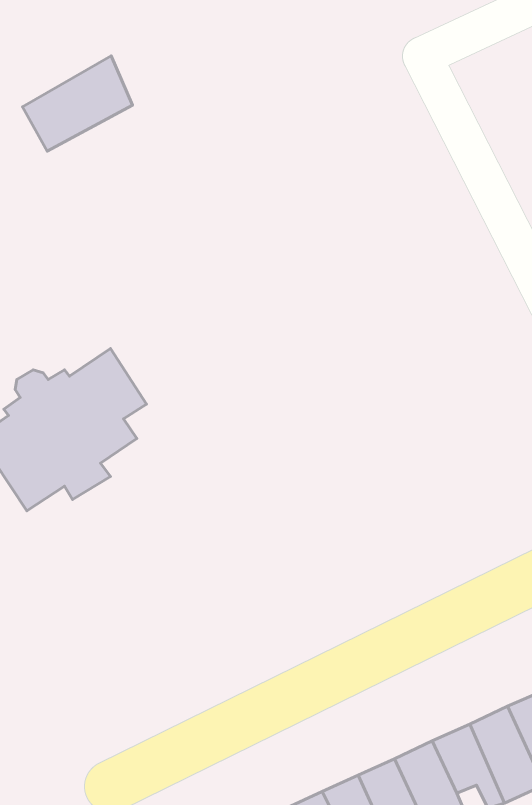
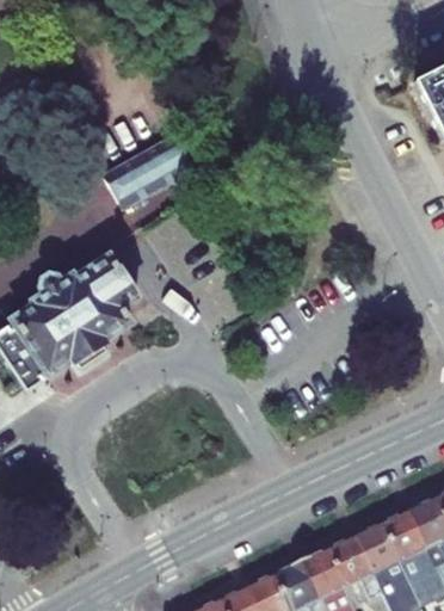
building: [23,56,133,151] -> [100,140,180,209]

